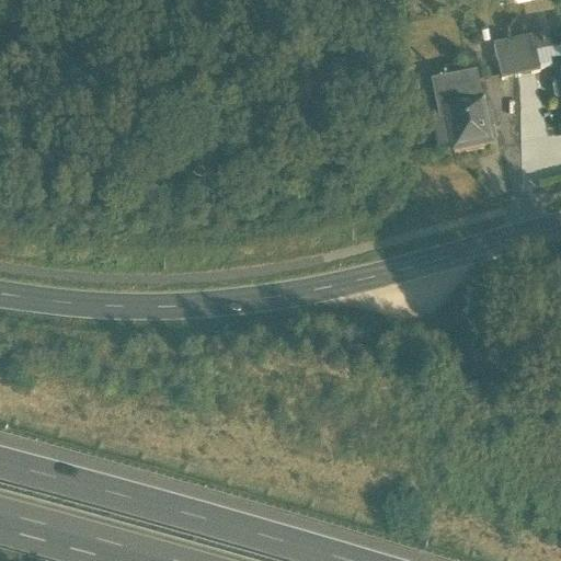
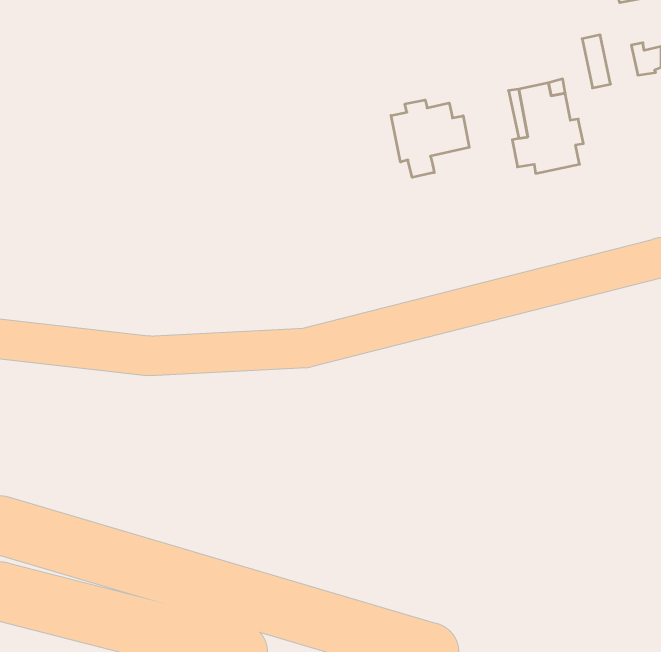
building: [508,25,540,71] -> none
building: none -> [391,100,469,177]

